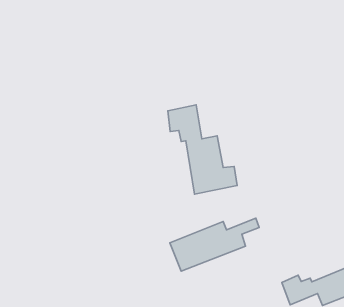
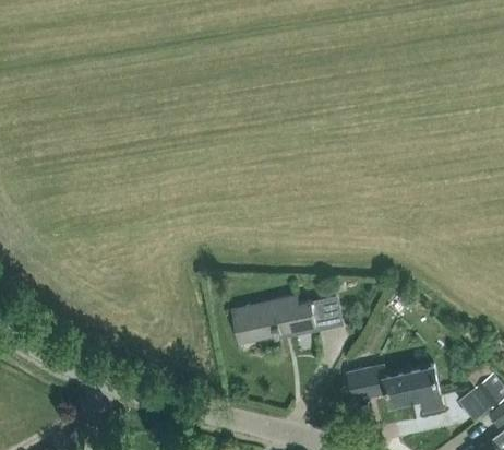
building: [168,105,237,194] -> none

